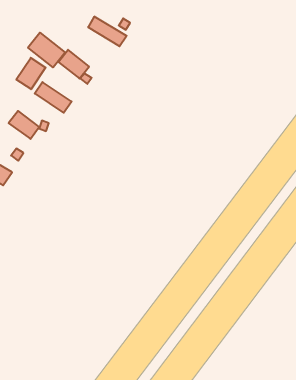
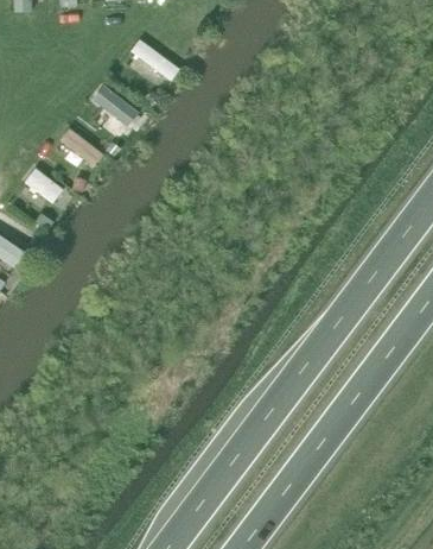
building: [28,33,65,67] -> none
building: [16,58,46,89] -> none

